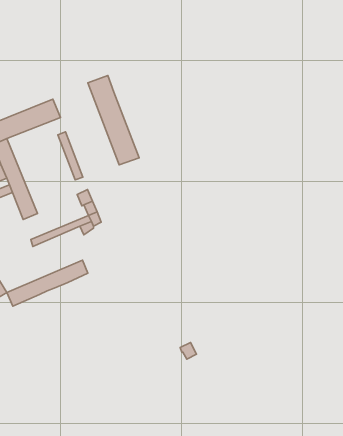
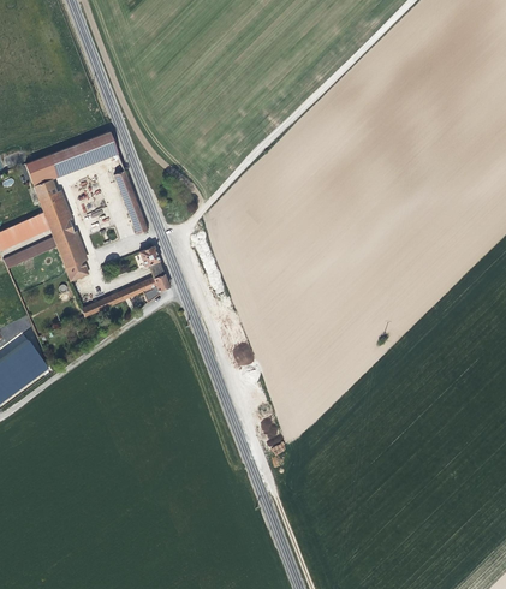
building: [88,75,139,165] -> none
building: [7,260,88,306] -> none

